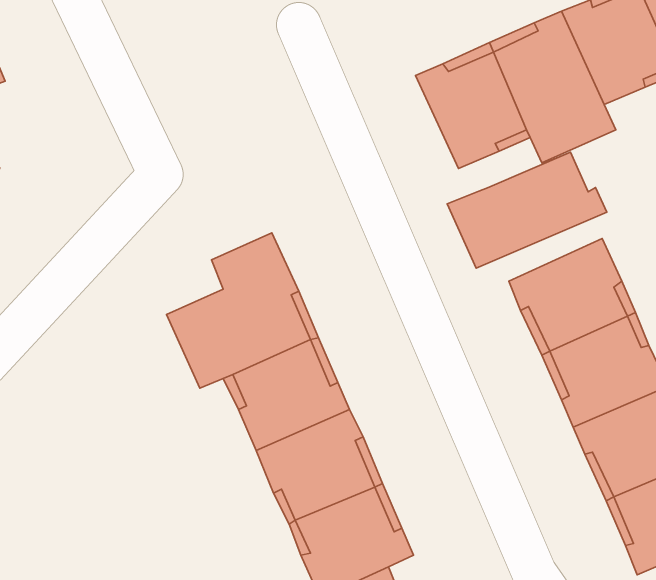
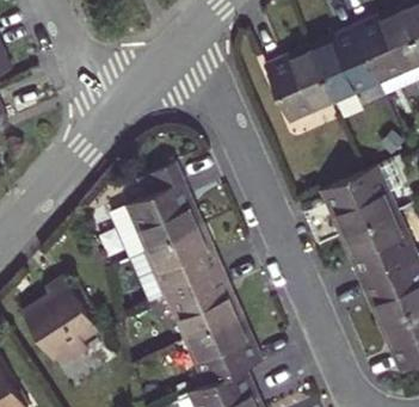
building: [447,152,607,268] -> none
building: none -> [21,278,98,363]

